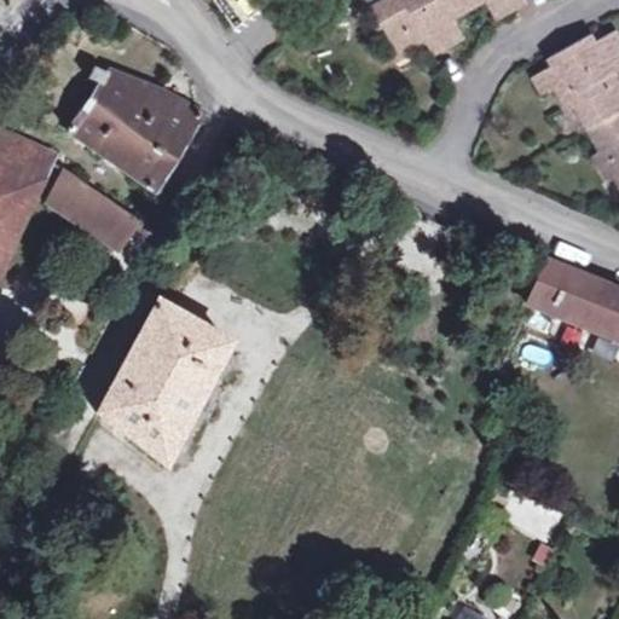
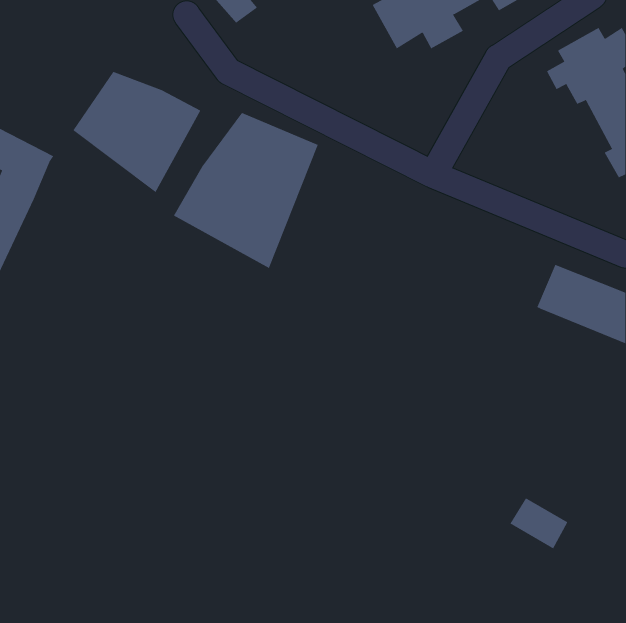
building: none -> [173,112,319,269]
building: [34,160,139,253] -> none
building: [99,301,232,463] -> none

